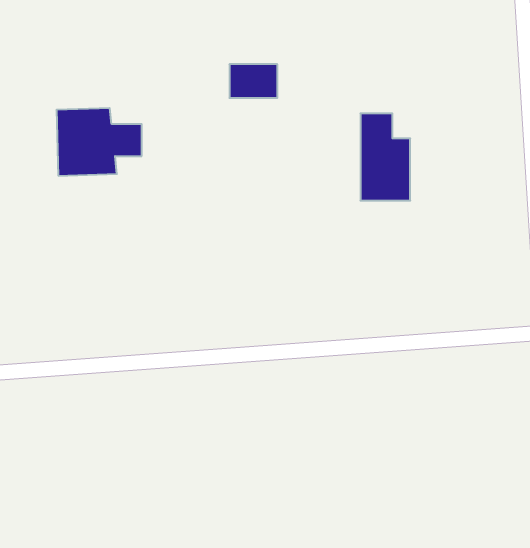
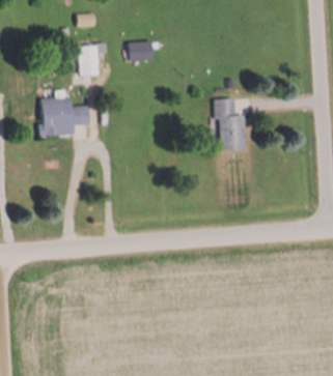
building: none -> [79,45,100,75]
building: [229,64,277,98] -> [126,41,154,61]

